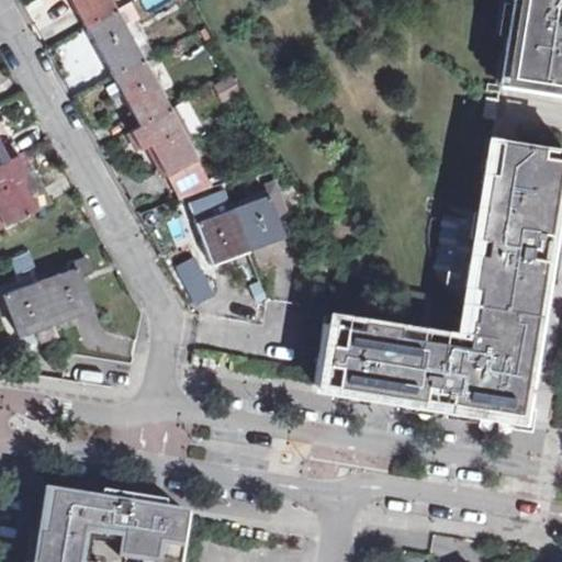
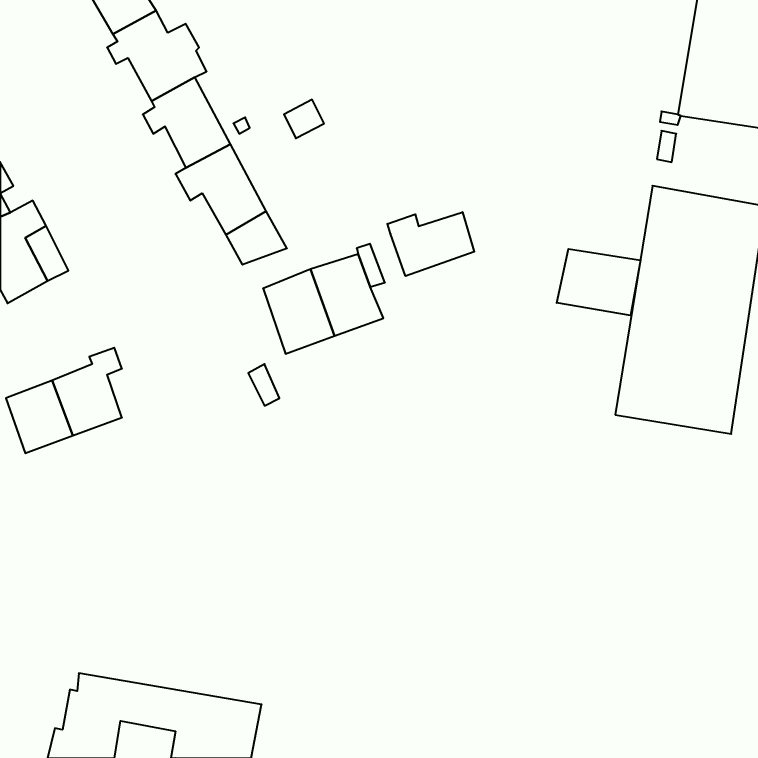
building: none -> [387,212,474,276]
building: none -> [557,249,640,316]
building: [313,306,541,418] -> none

